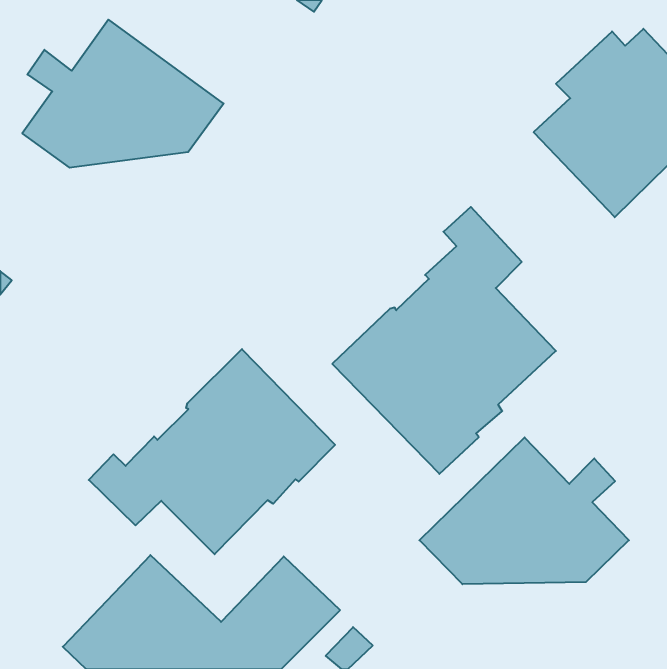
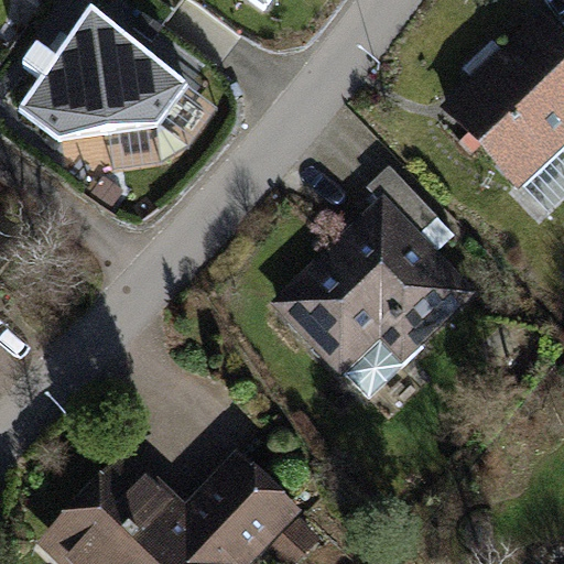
building: [89,349,335,554] -> none
building: [419,437,629,584] -> none

